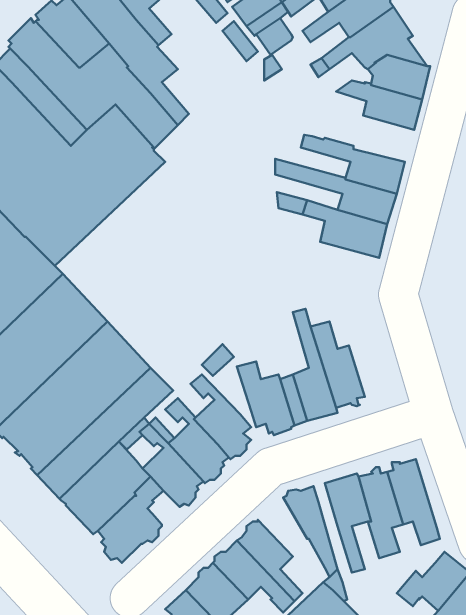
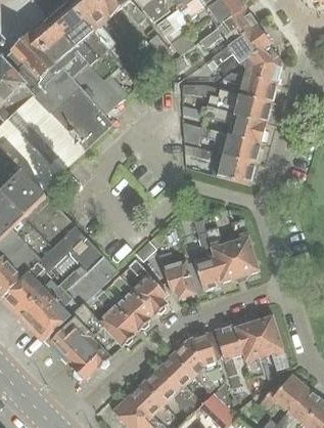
building: none -> [181,84,271,124]
building: none -> [229,218,259,277]
building: none -> [171,339,215,392]

